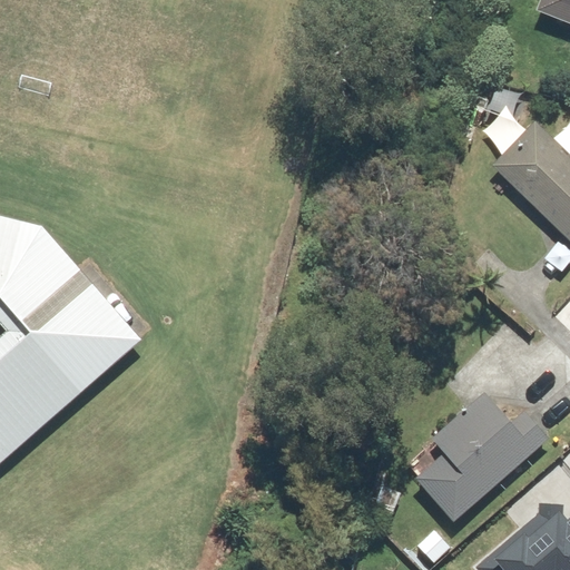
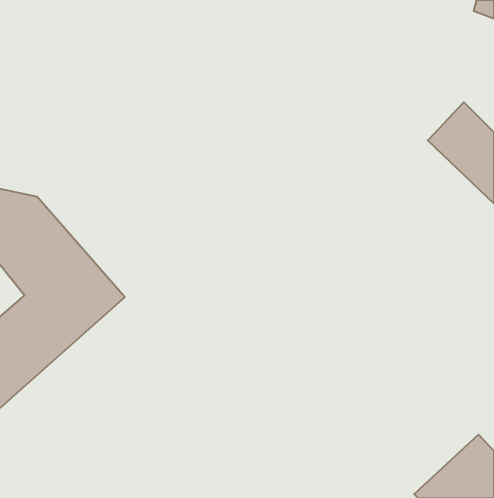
building: [403,390,556,533] -> none

